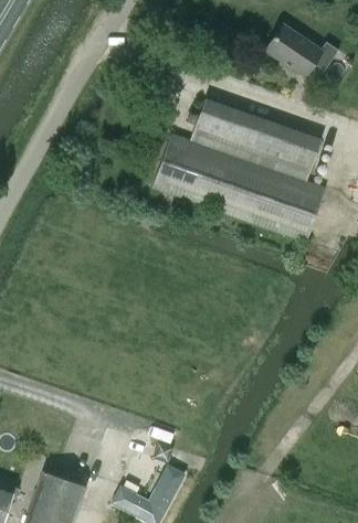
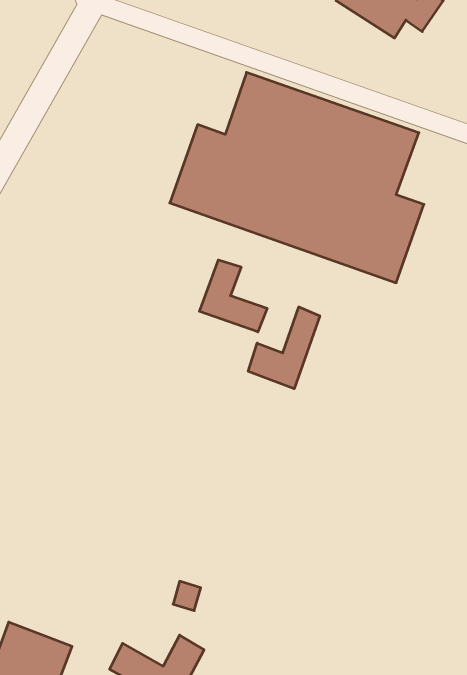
building: none -> [199,260,267,332]
building: none -> [248,307,320,389]

